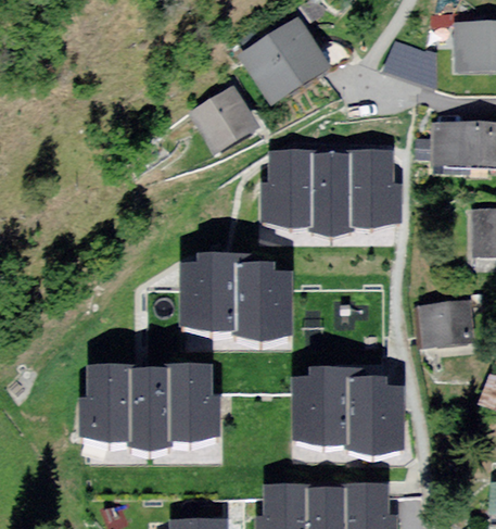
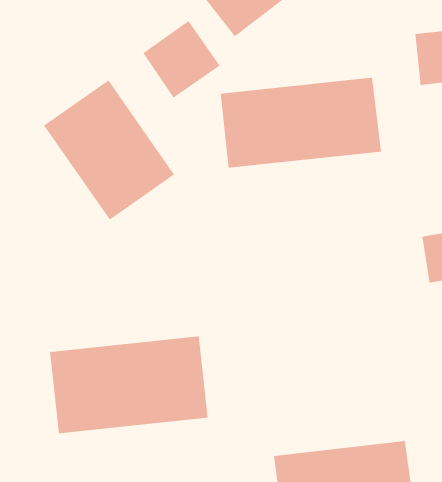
building: none -> [43,80,175,220]
building: [174,261,291,340] -> none
building: [284,367,399,451] -> none

